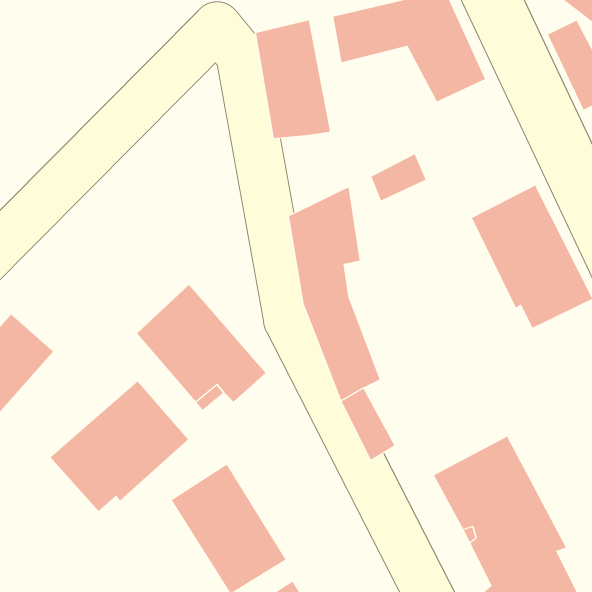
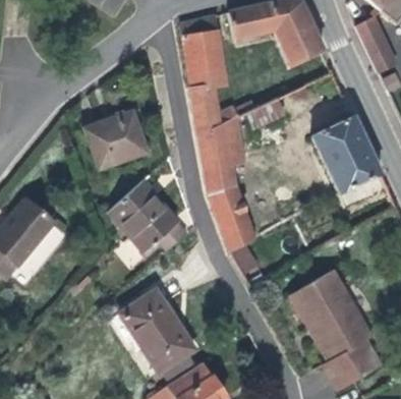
building: none -> [190,87,254,136]
building: none -> [91,104,155,164]
building: [50,380,189,512] -> none

